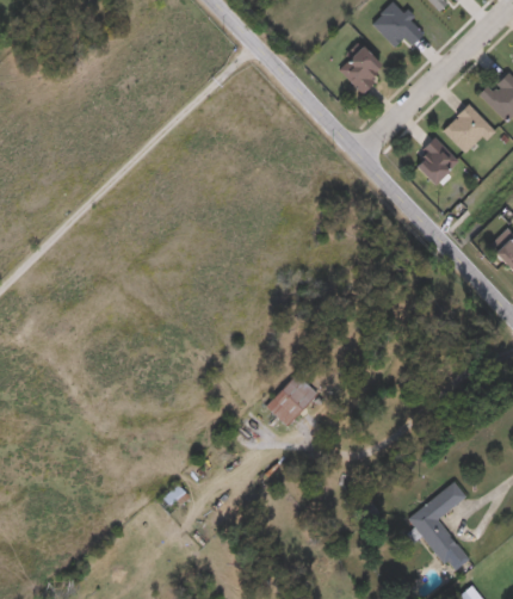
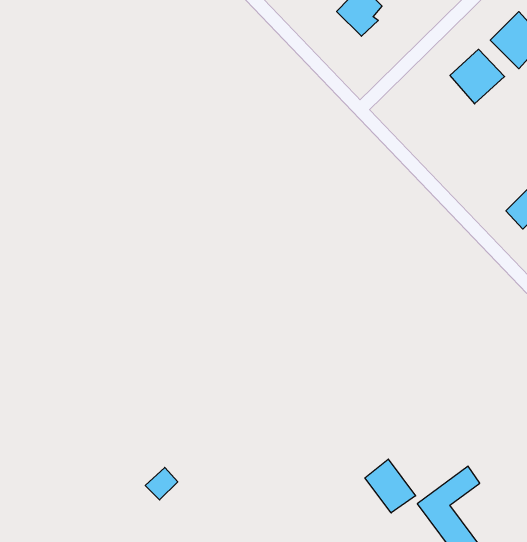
building: [414,135,457,183] -> none
building: [268,377,321,430] -> none
building: none -> [365,459,416,513]

